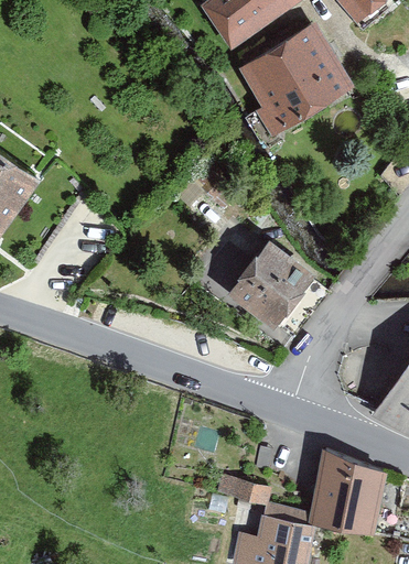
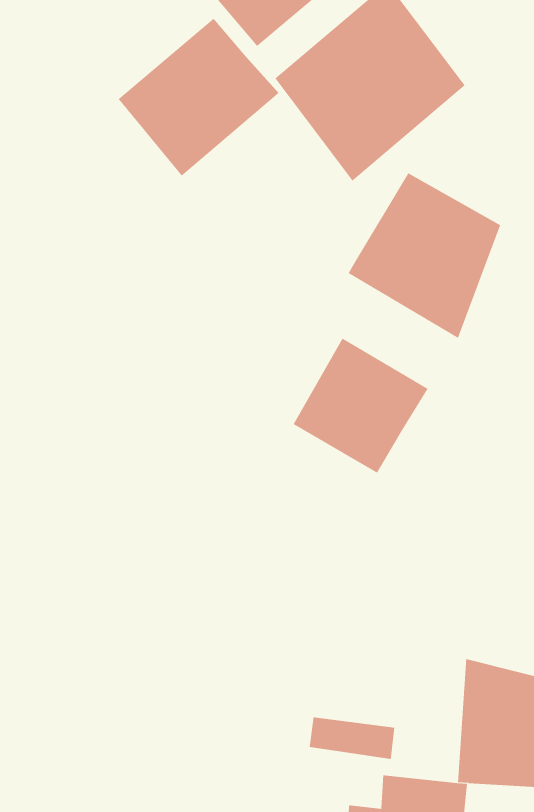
building: none -> [118,18,279,176]
building: none -> [348,173,501,339]

